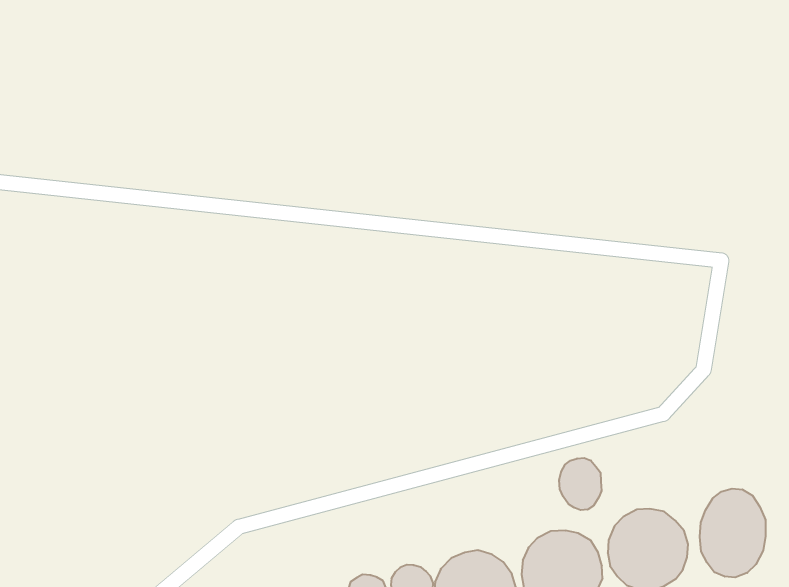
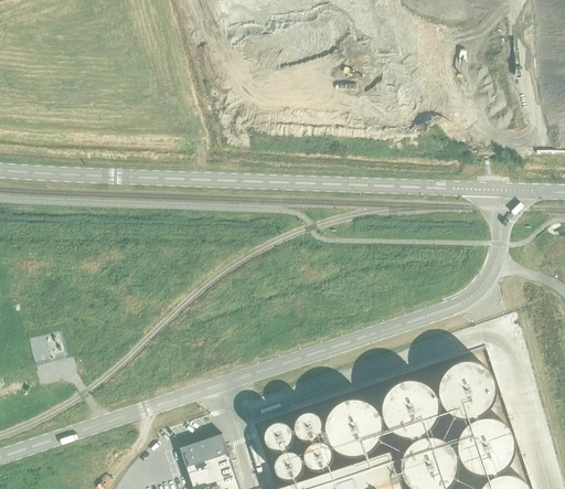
building: [559,458,601,510] -> none
building: [700,489,766,577] -> none

